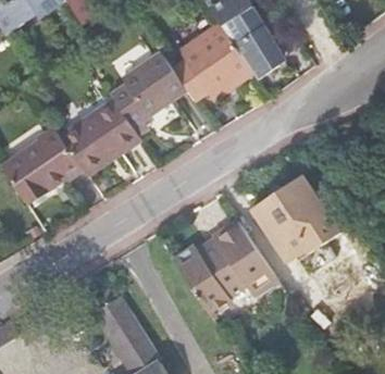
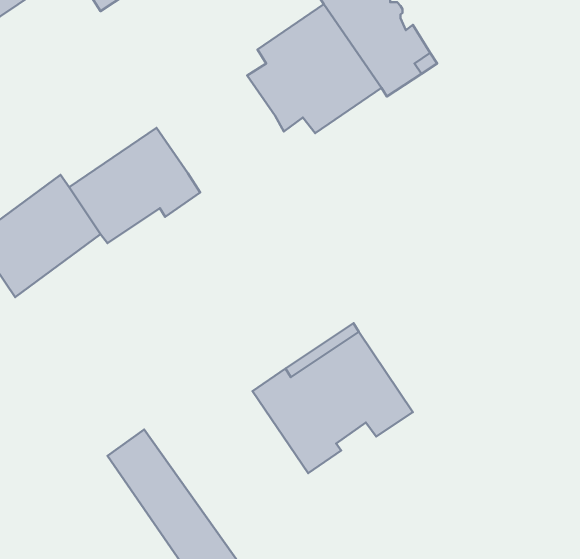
building: [111,50,188,127] -> none
building: [250,175,339,257] -> none

